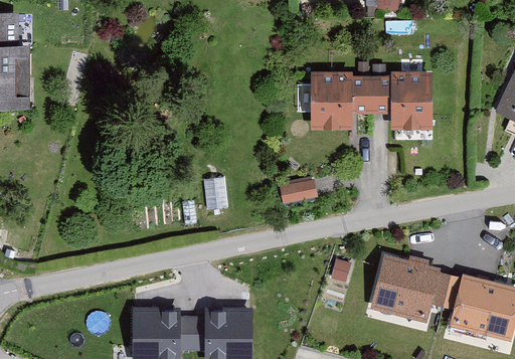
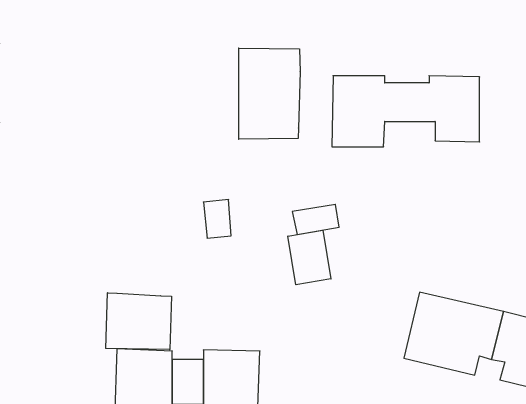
building: none -> [239,48,300,139]
building: none -> [288,230,331,285]
building: none -> [106,293,171,350]

